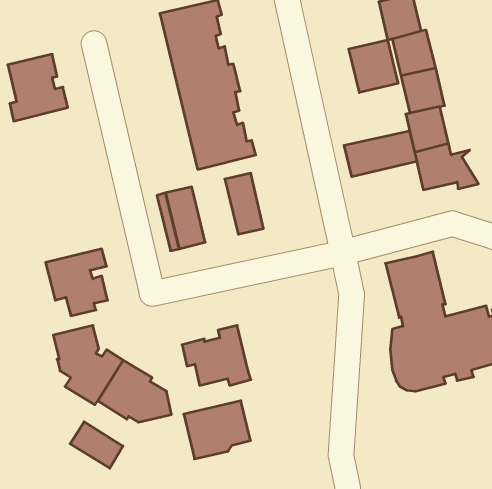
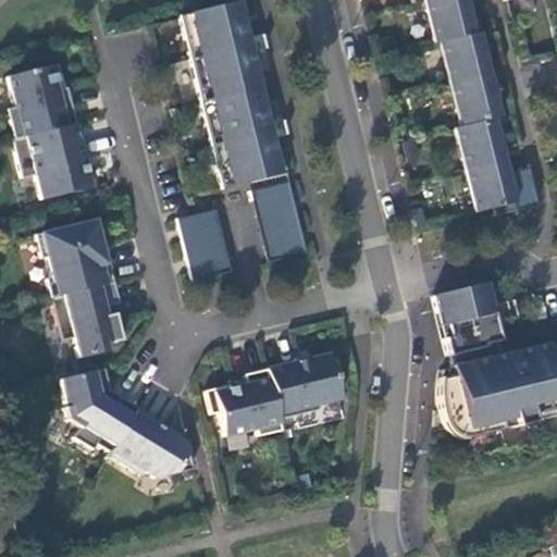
building: [349,40,398,93] -> none
building: none -> [16,121,95,197]
building: [344,131,417,177] -> none
building: none -> [253,183,309,257]
building: none -> [39,216,117,295]
building: [184,401,251,459] -> [270,350,345,416]
building: [70,422,123,468] -> none

